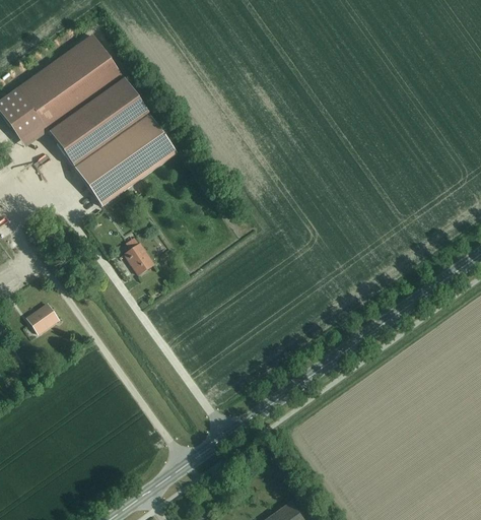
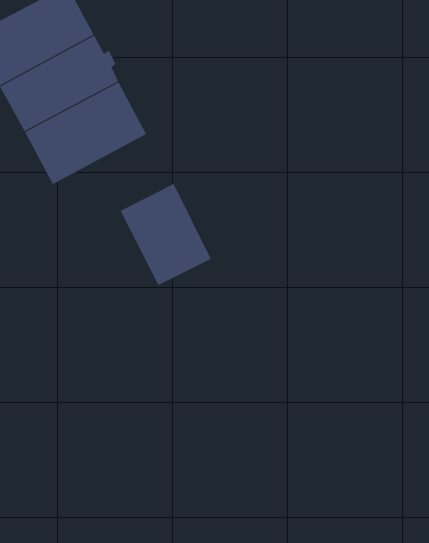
building: none -> [120,183,212,286]
building: [123,239,152,274] -> none

